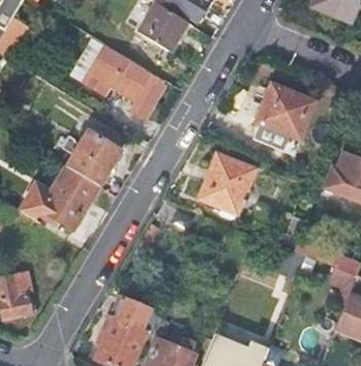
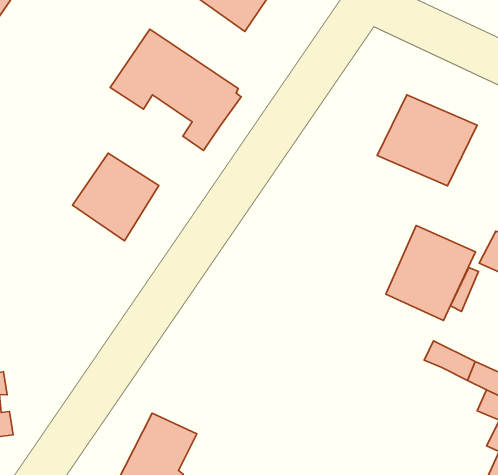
building: [200,154,254,213] -> [386,226,475,321]
building: [29,165,99,227] -> none

